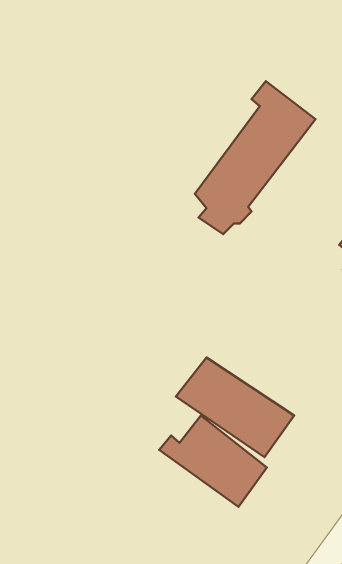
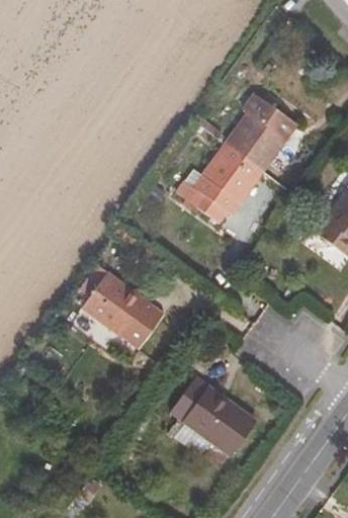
building: [176,358,294,457] -> [80,274,181,359]

